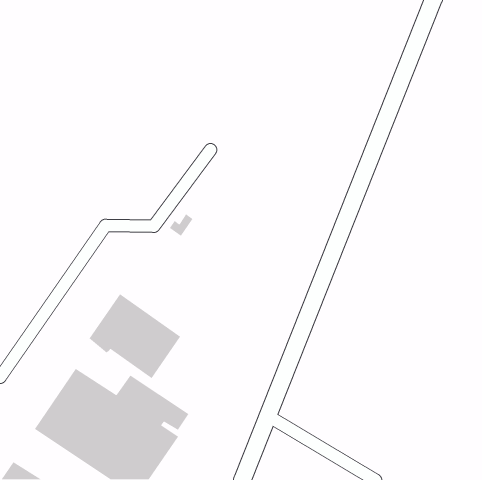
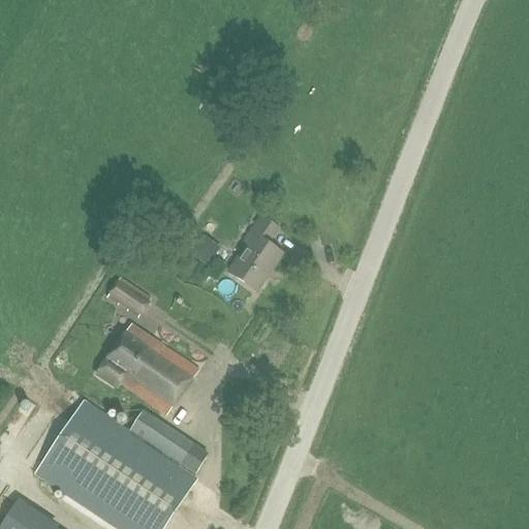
building: none -> [228,215,282,290]
building: none -> [107,277,151,317]

